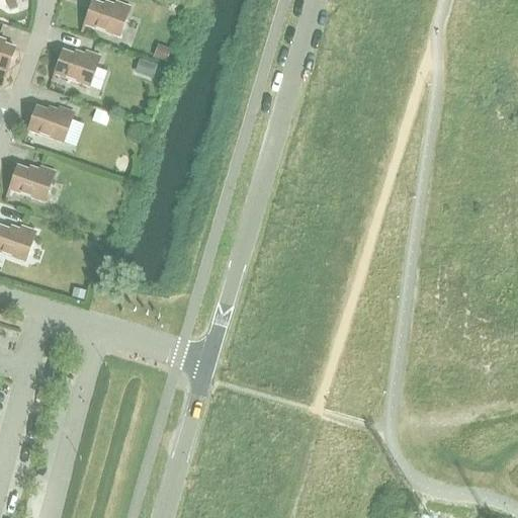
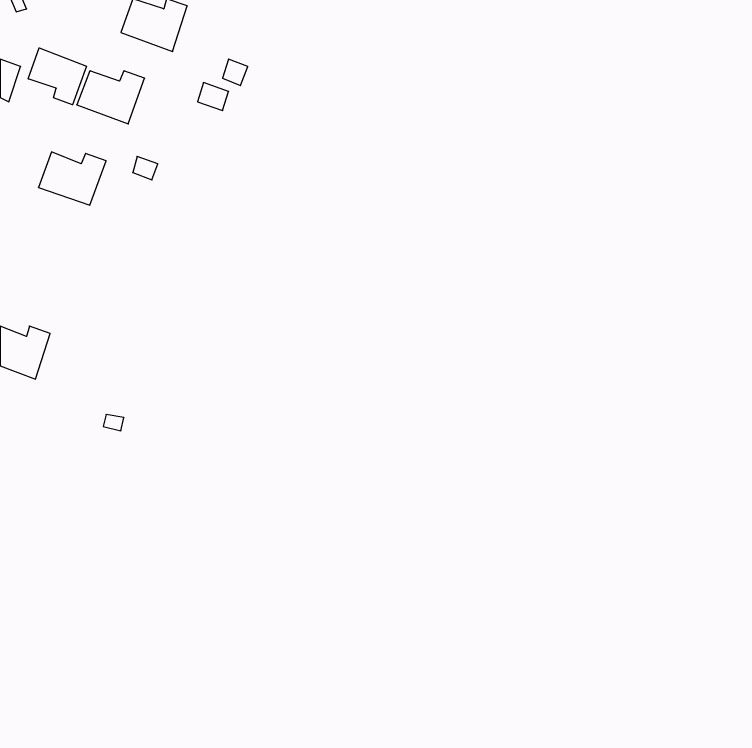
building: none -> [28,48,87,105]
building: [9,164,55,200] -> none

